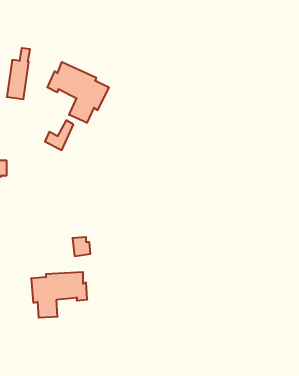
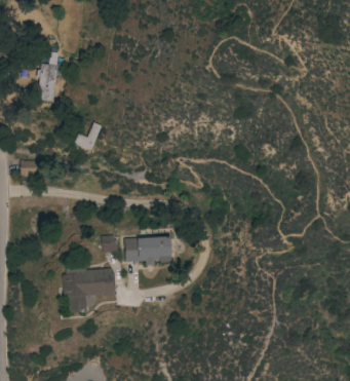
building: [47,62,109,123] -> none
building: none -> [124,236,172,266]

